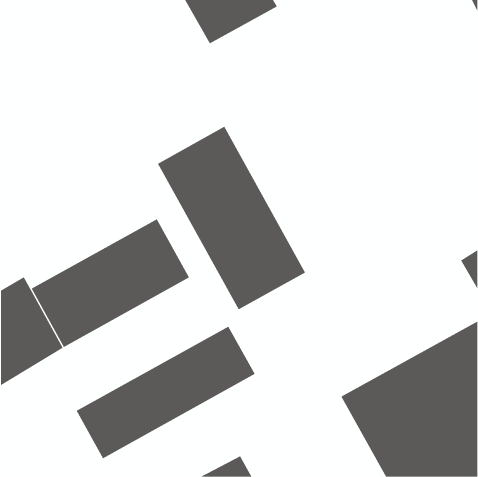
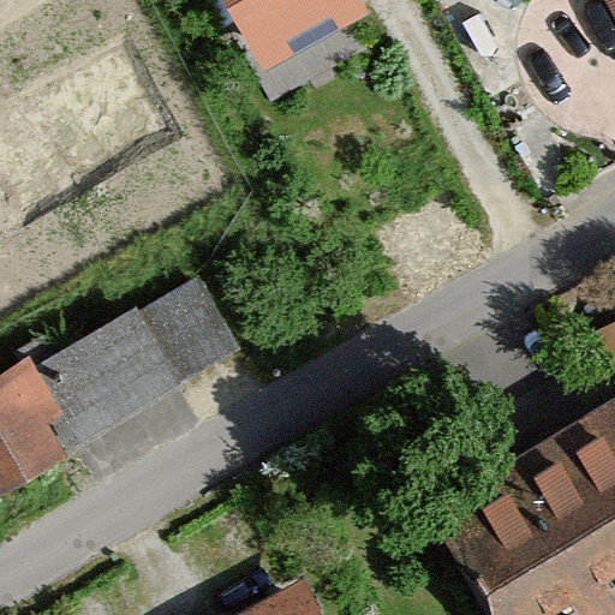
building: [157,126,306,310] -> none
building: [76,326,255,459] -> none

